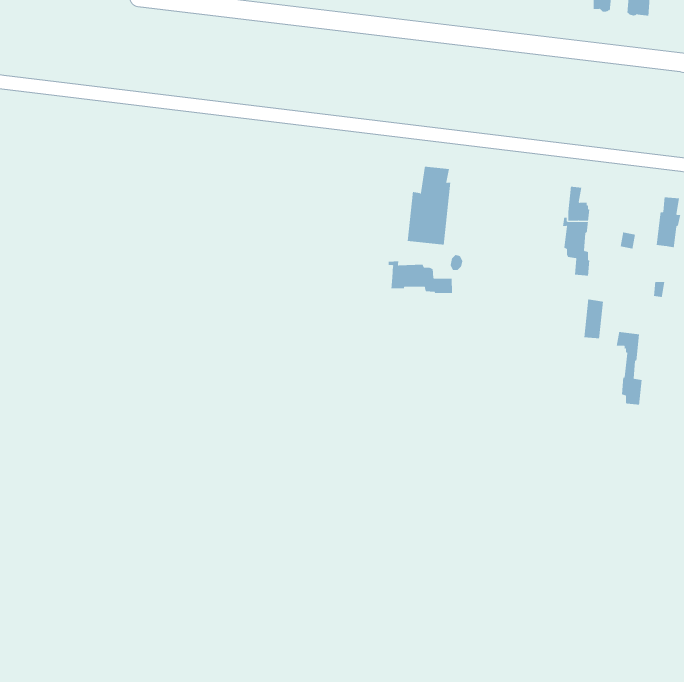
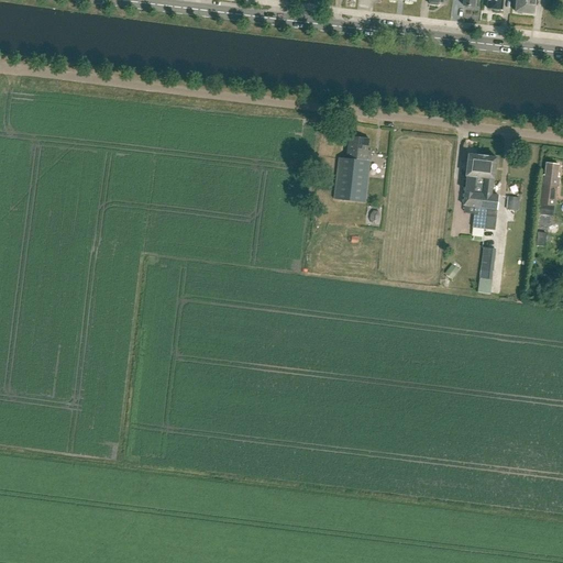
building: [388,261,452,294] -> none
building: [616,332,643,405] -> [476,154,498,214]

